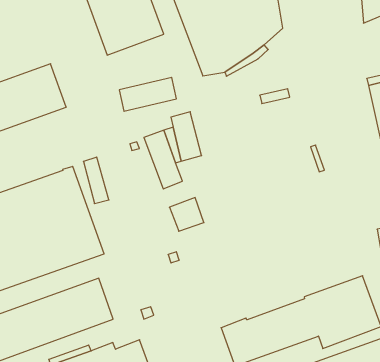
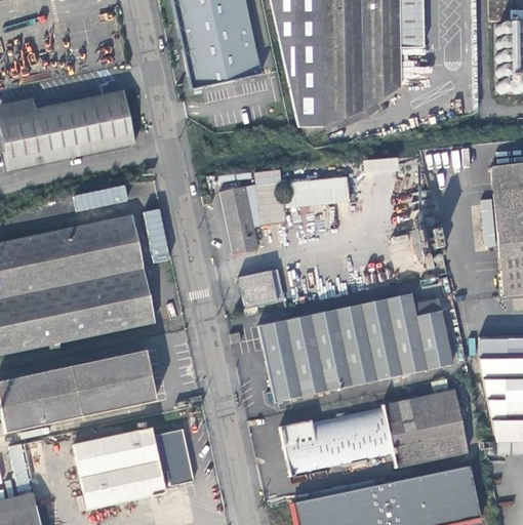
building: [119,77,176,111] -> [284,176,350,208]
building: none -> [74,184,129,210]
building: none -> [258,293,452,400]

